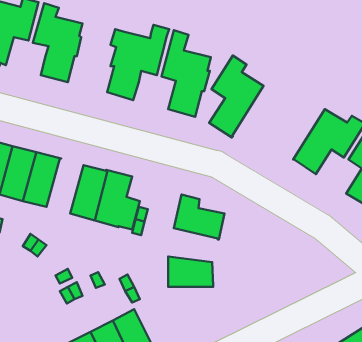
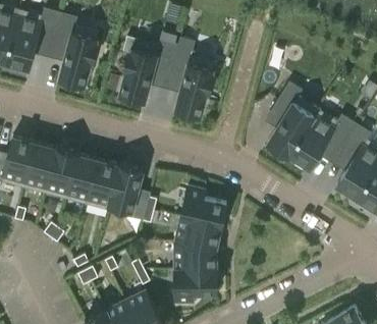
building: [209,55,263,138] -> [268,83,317,157]
building: none -> [65,155,99,205]
building: none -> [175,218,220,249]
building: none -> [175,270,217,302]

